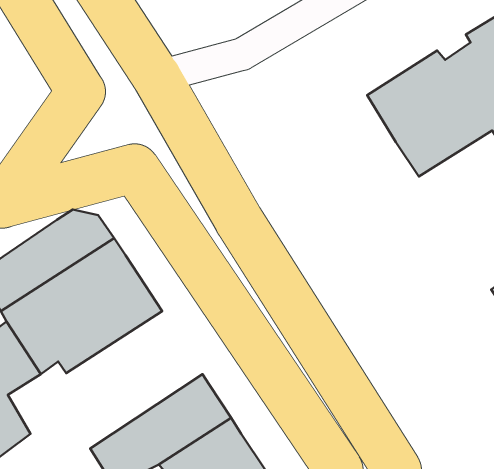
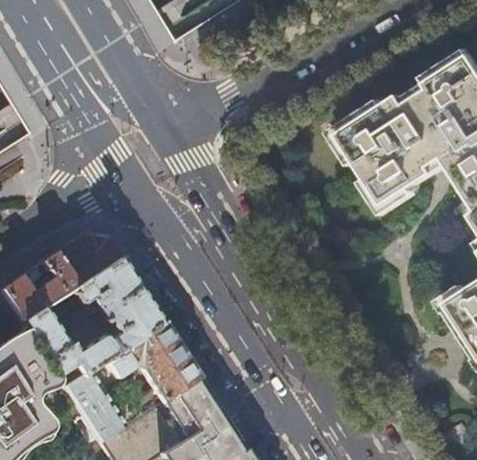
building: none -> [64,320,198,440]

